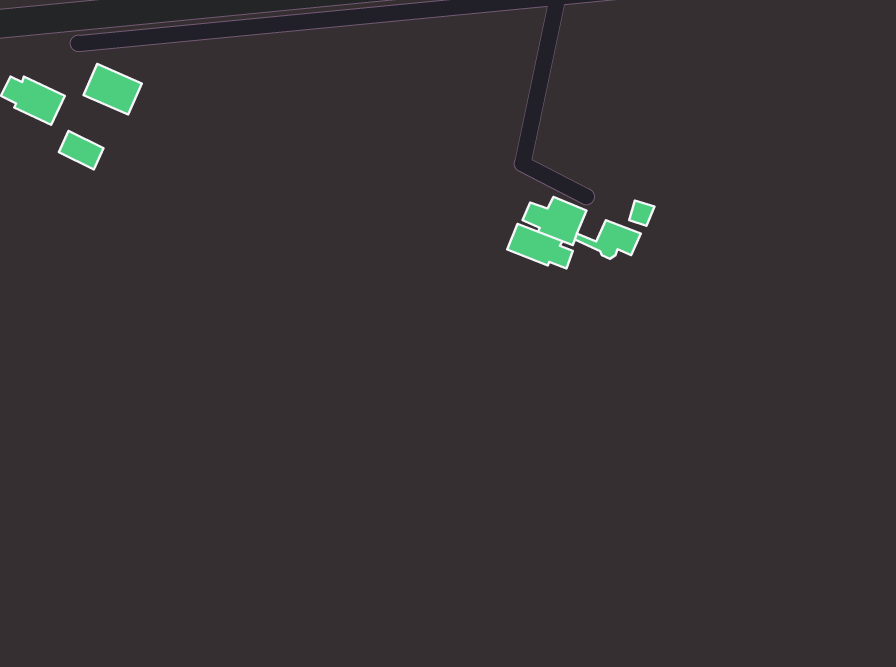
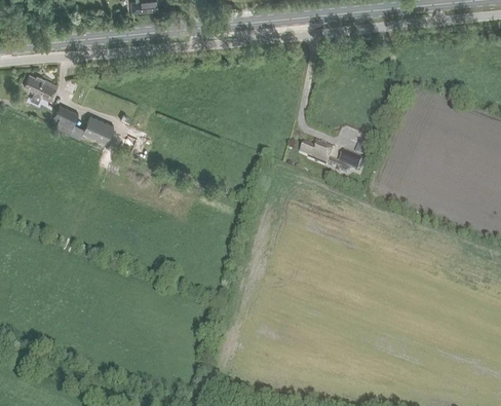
building: [84,64,142,114] -> [81,115,112,142]
building: [507,224,573,268] -> none

